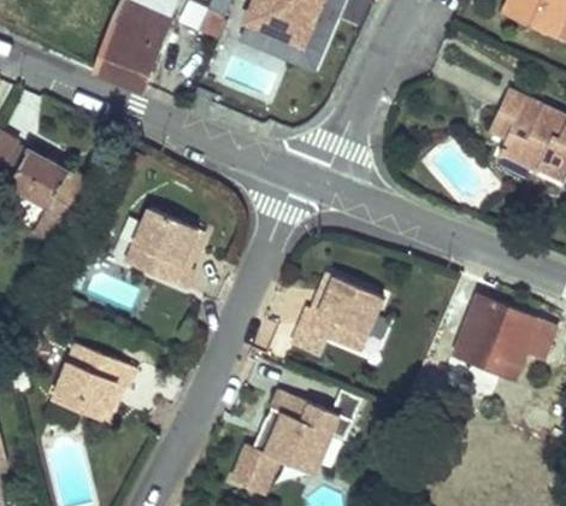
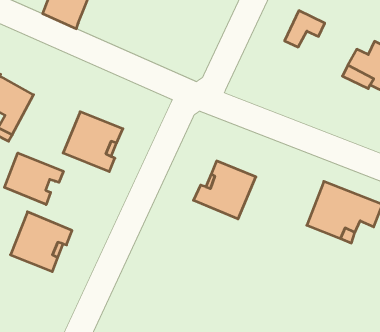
building: [490,92,544,141] -> [285,11,325,47]
building: none -> [4,153,63,205]
building: [235,387,360,492] -> none

